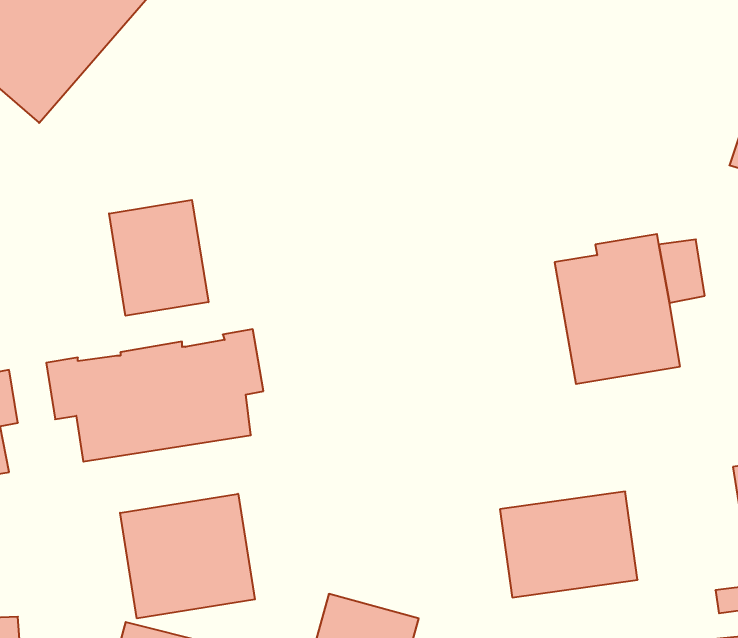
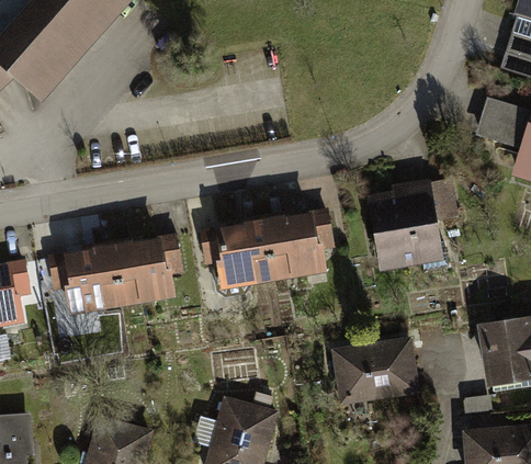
building: [109,200,208,316] -> none
building: none -> [203,208,337,297]
building: [120,494,255,618] -> none

